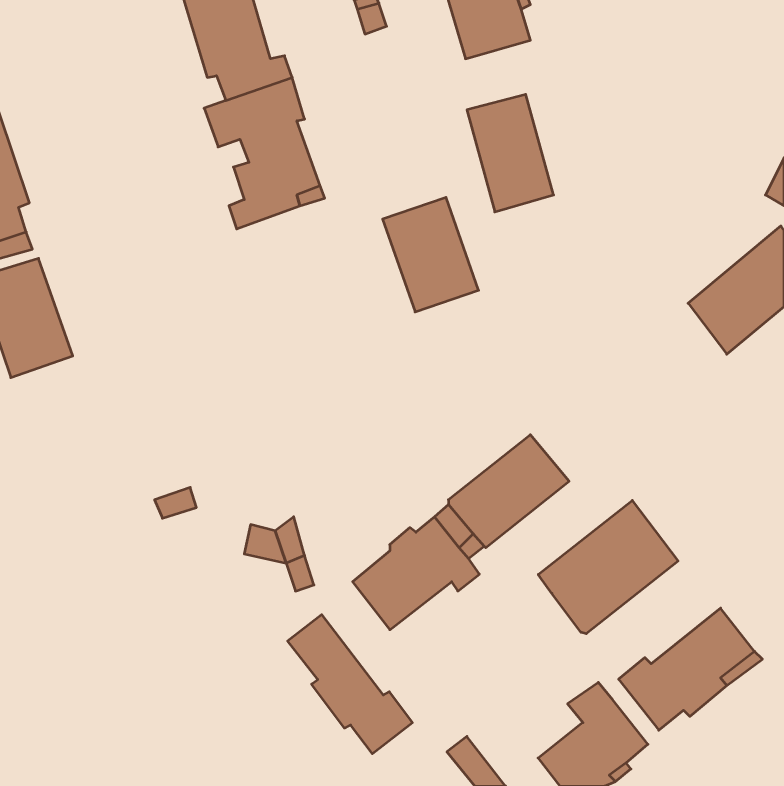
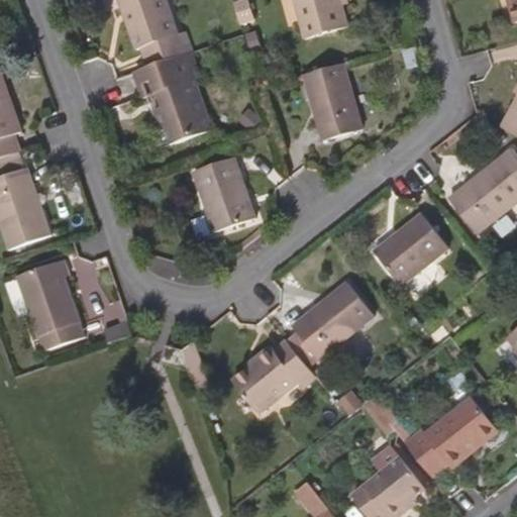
building: [383,197,479,312] -> [195,157,257,231]
building: none -> [374,213,446,285]
building: none -> [16,262,82,350]
building: [538,500,678,634] -> none
building: [288,615,412,754] -> none

